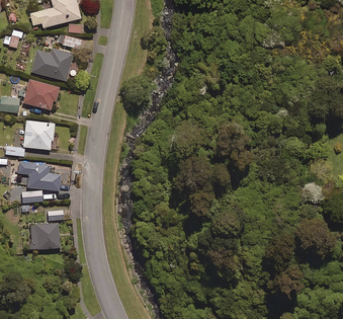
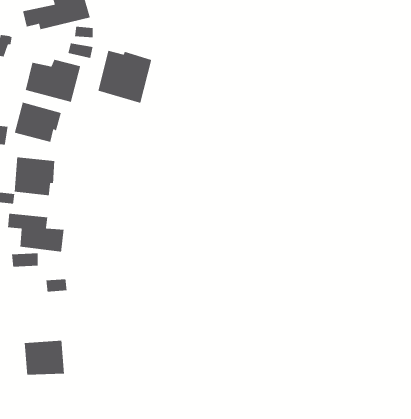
building: none -> [98,50,152,104]
building: [29,223,60,249] -> [24,340,65,375]

